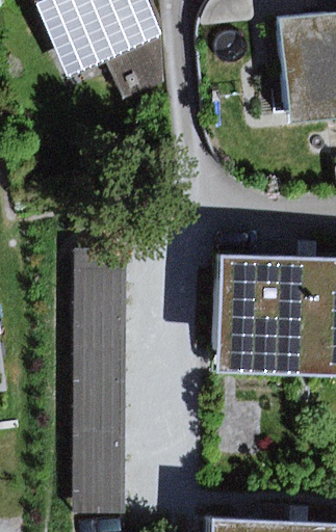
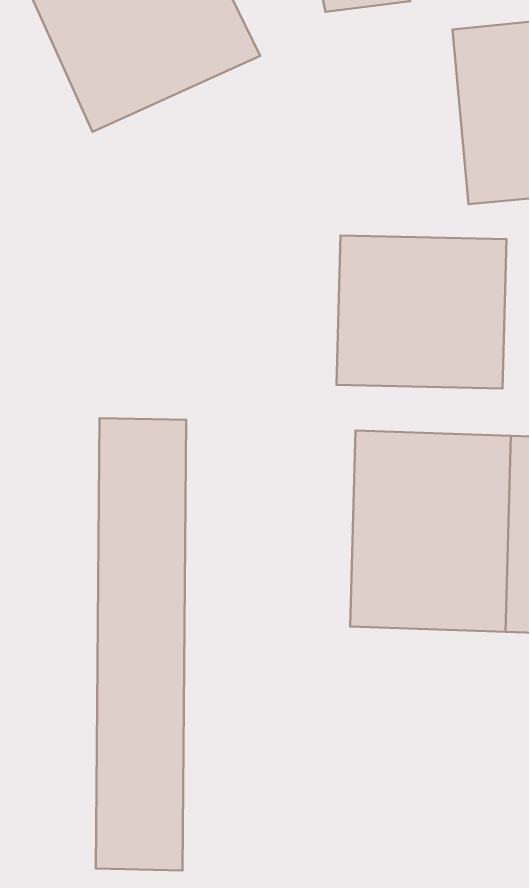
building: none -> [336,235,507,388]

